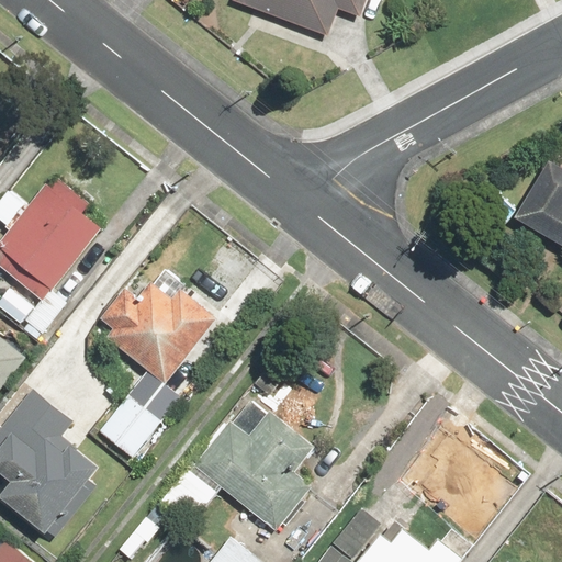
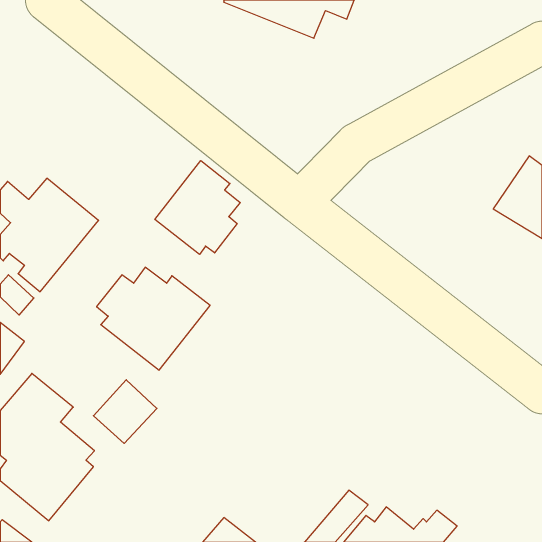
building: none -> [155,161,240,254]
building: [192,408,315,533] -> none

